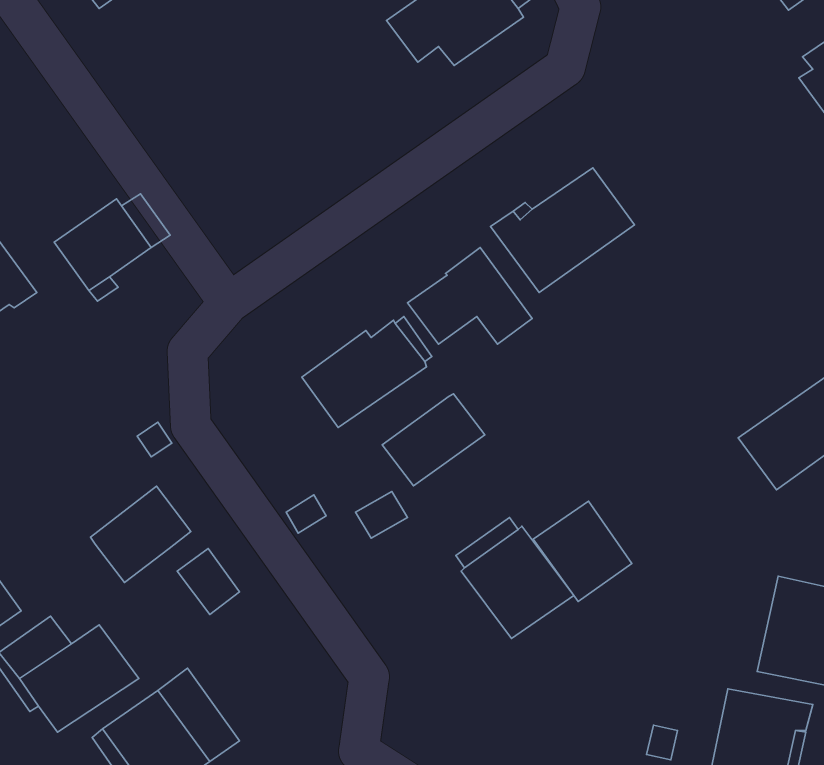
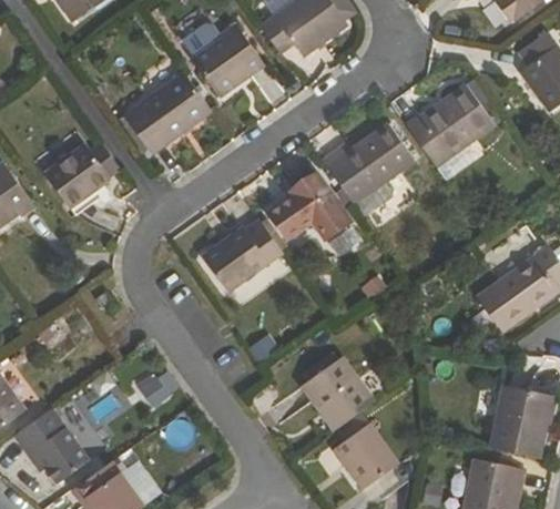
building: none -> [187,29,259,95]
building: none -> [121,74,210,154]
building: none -> [407,86,496,167]
building: [382,394,485,486] -> none
building: [90,486,191,583] -> none
building: [533,501,632,601] -> [335,419,398,483]

